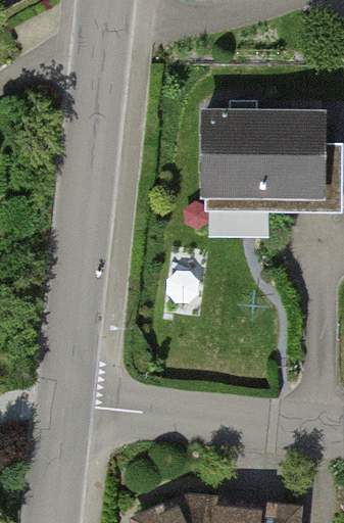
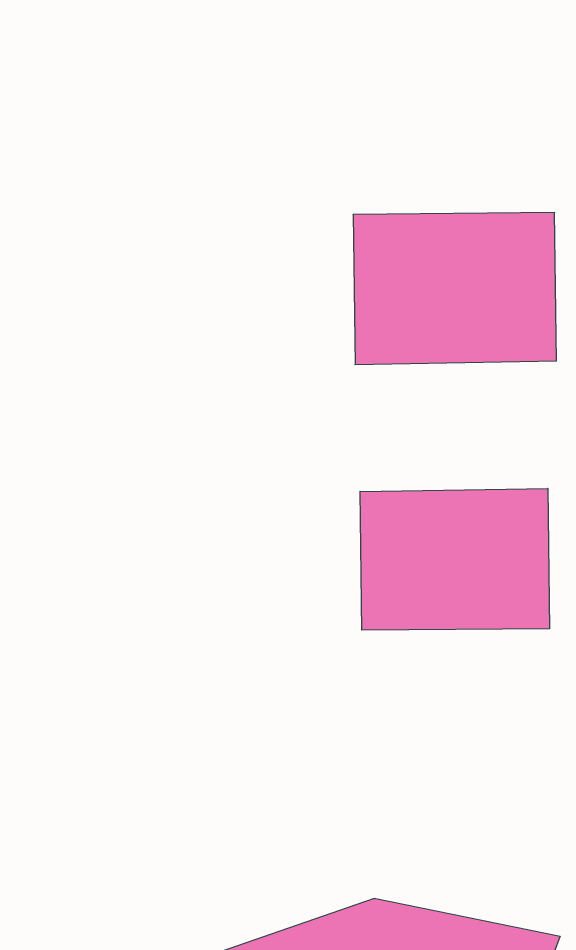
building: none -> [360,488,549,630]

